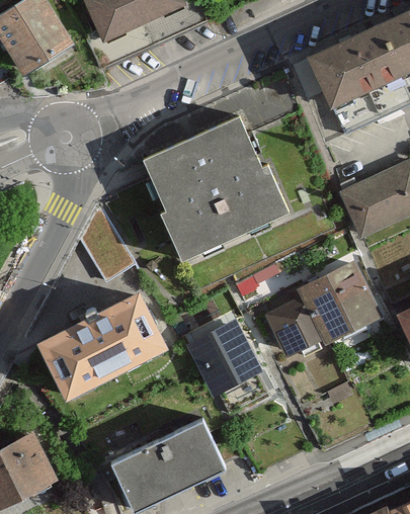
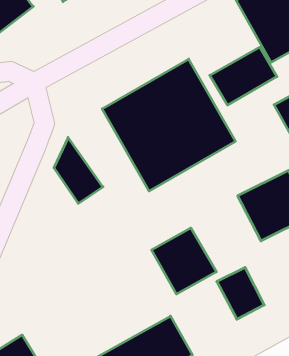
building: none -> [210,47,277,105]
building: [262,295,316,355] -> [217,267,264,319]
building: [40,301,160,397] -> none

